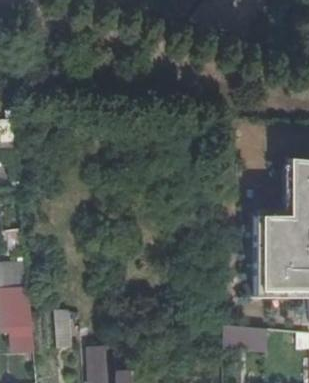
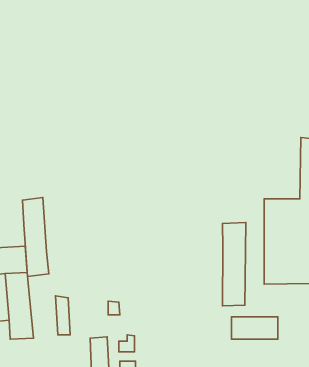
building: none -> [22,198,49,276]
building: none -> [222,223,246,306]

